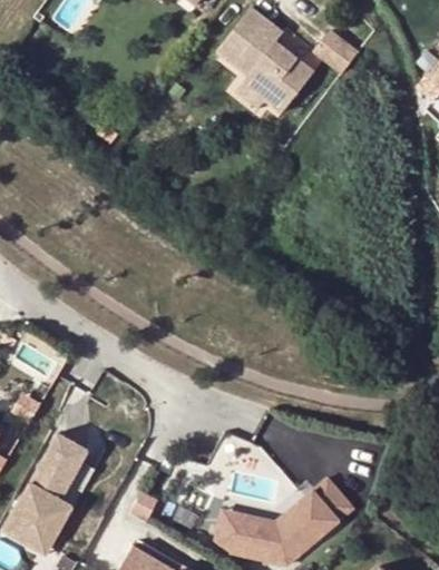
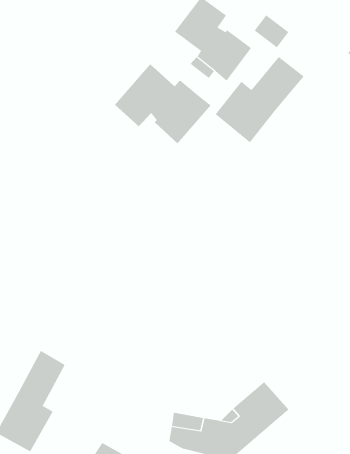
building: none -> [215,56,305,143]
building: none -> [114,63,211,144]

